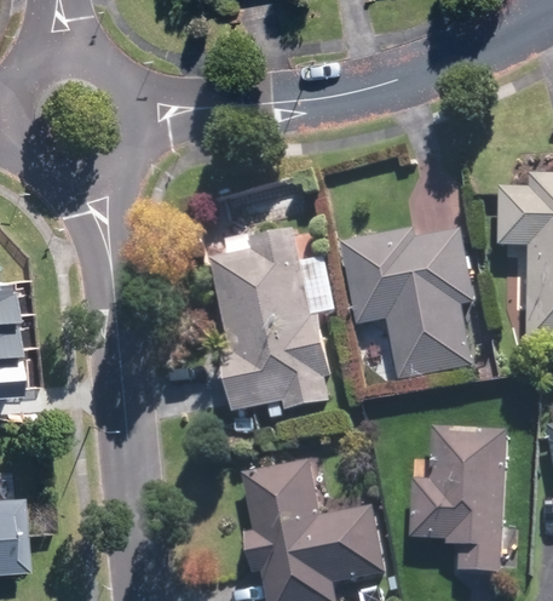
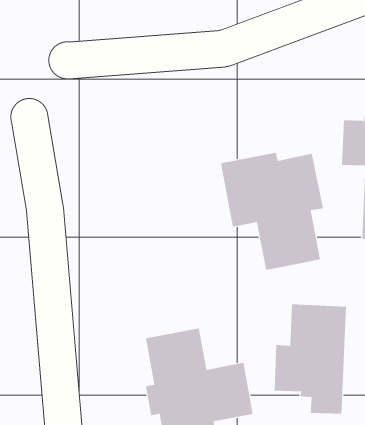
building: [208,228,335,417] -> none

